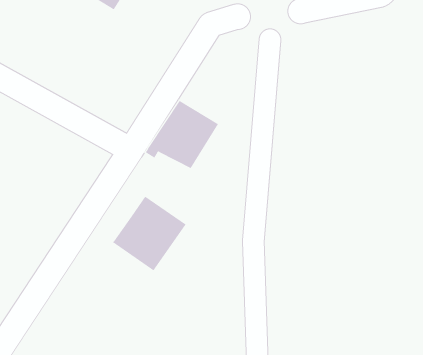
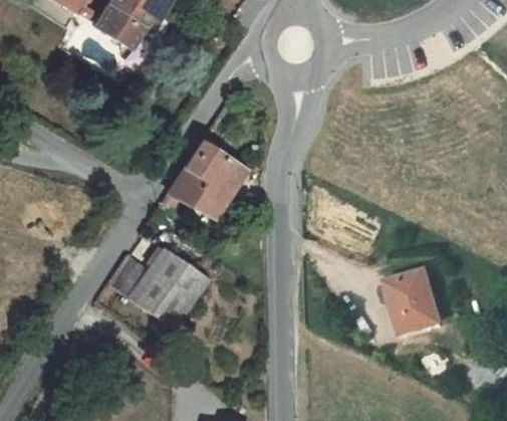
building: none -> [108,254,149,295]
building: none -> [388,268,442,333]

